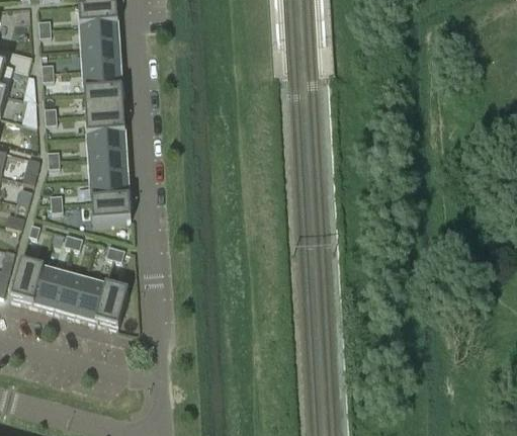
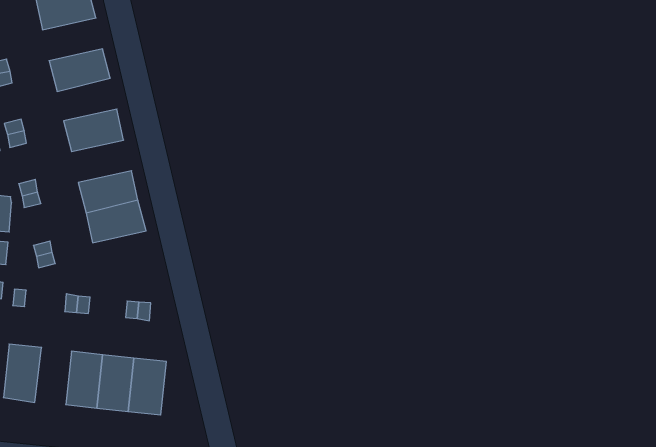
building: [81,45,120,69] -> none
building: [84,88,123,112] -> none
building: [87,133,126,157] -> none
building: [91,198,131,223] -> none
building: [32,267,64,310] -> none

